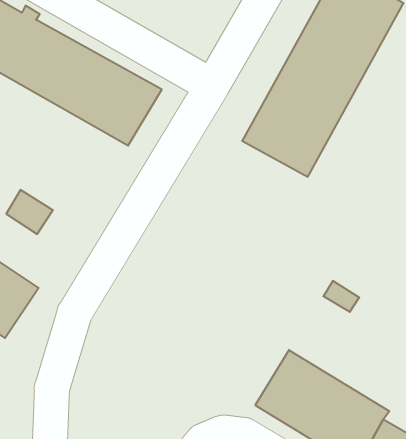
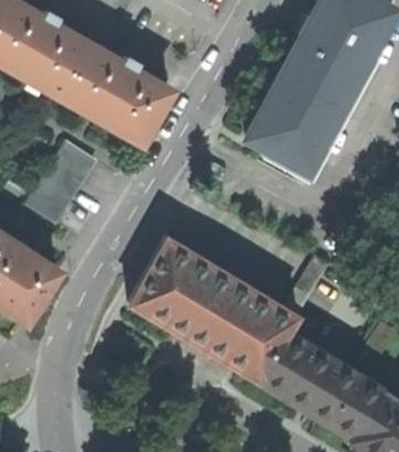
building: none -> [41,142,96,201]
building: none -> [129,235,298,382]

